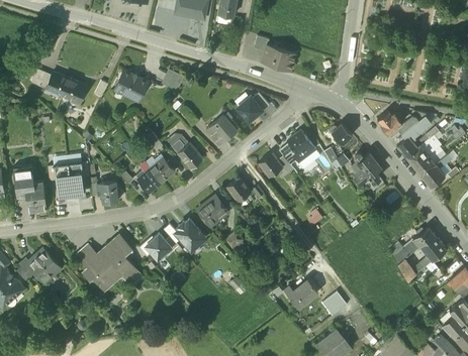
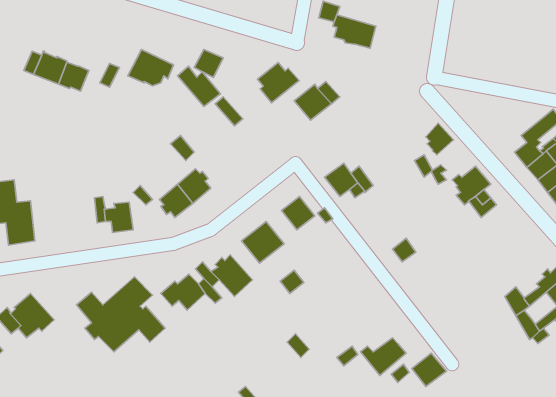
building: [377,111,418,134] -> none
building: [208,116,239,145] -> [258,63,299,103]
building: [287,130,315,162] -> none
building: [171,139,202,168] -> [177,66,220,106]
building: [54,162,86,198] -> none

